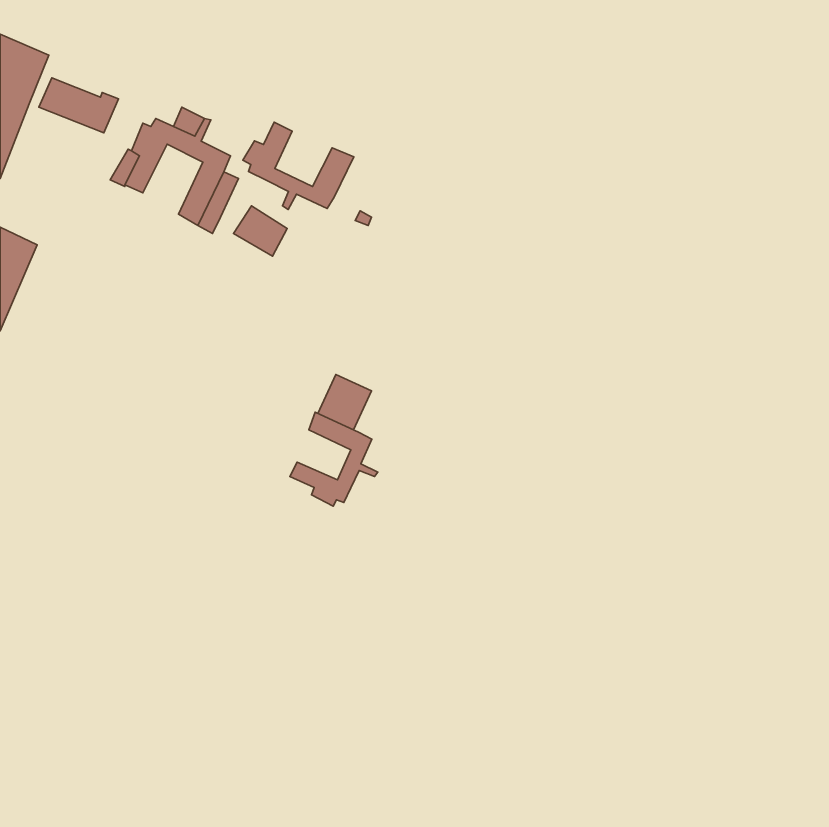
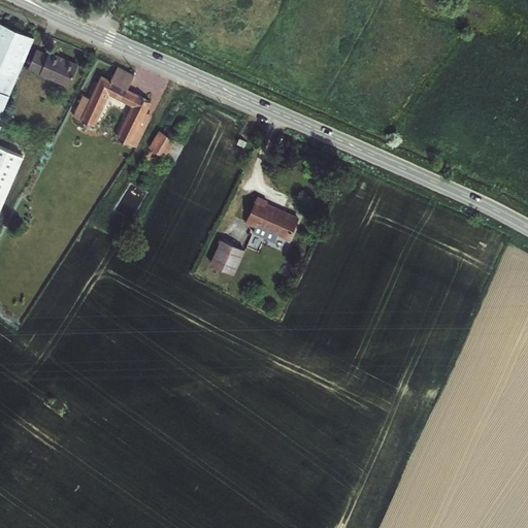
building: [243,122,354,210] -> none
building: none -> [237,194,290,238]
building: [290,412,378,506] -> none

